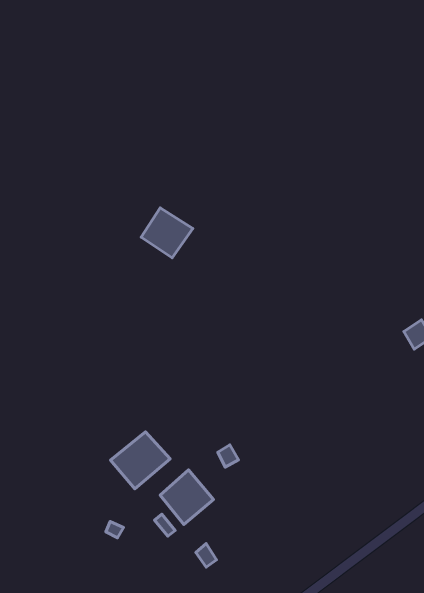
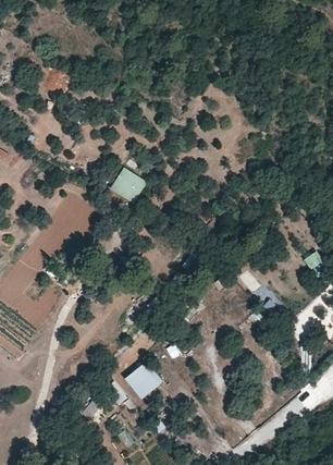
building: [111,432,170,489] -> none

